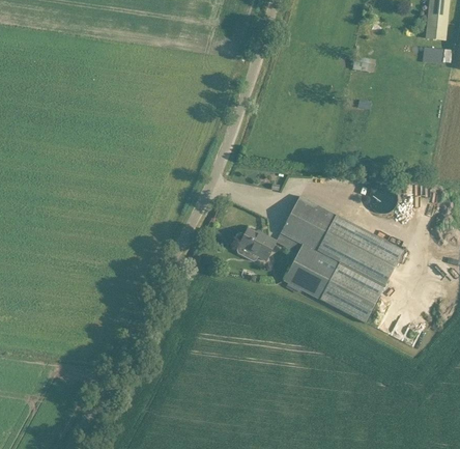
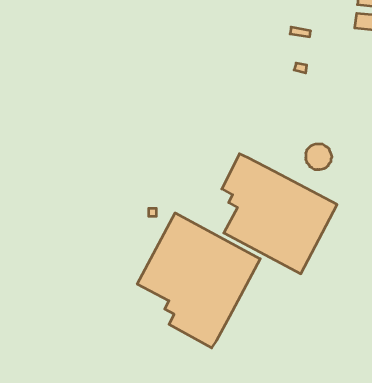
building: [237,228,277,260] -> none
building: none -> [137,213,260,348]

